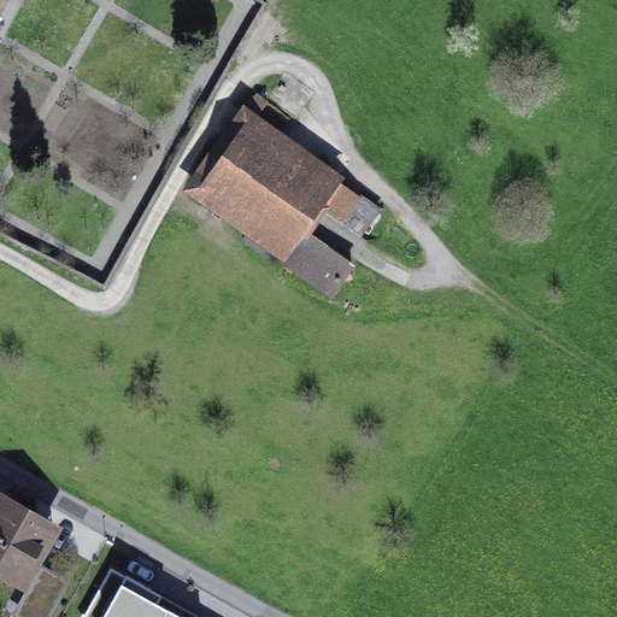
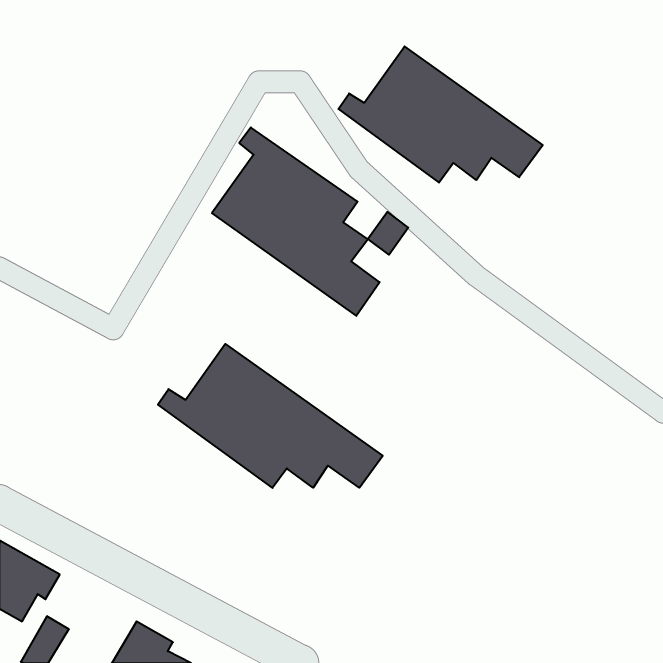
building: none -> [338,46,543,183]
building: none -> [158,344,383,488]

